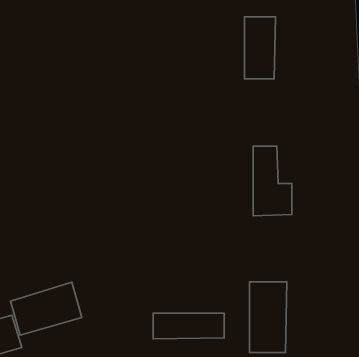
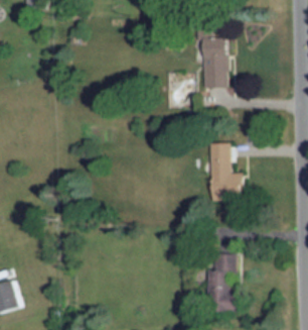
building: [11,282,82,335] -> none
building: [153,313,224,339] -> none

